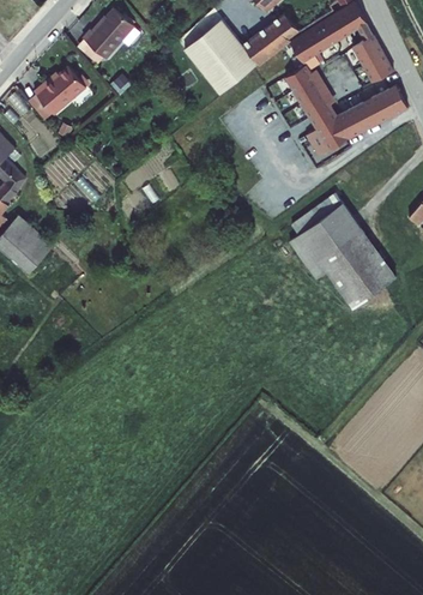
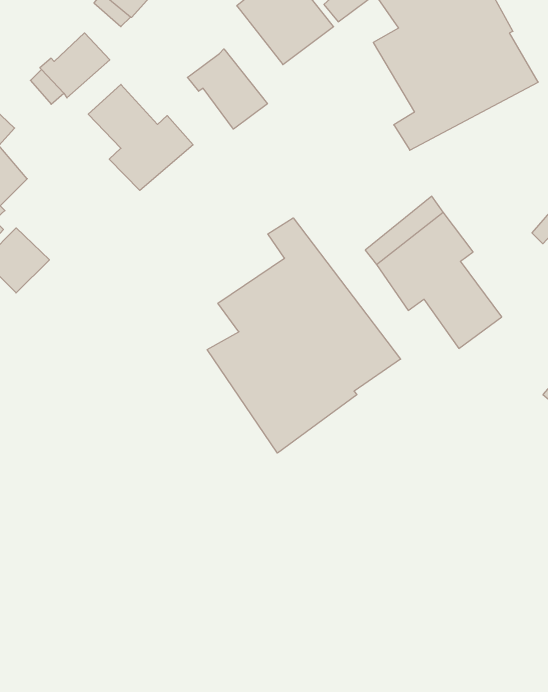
building: none -> [187,49,267,129]
building: none -> [88,84,193,190]
building: none -> [207,218,401,453]

